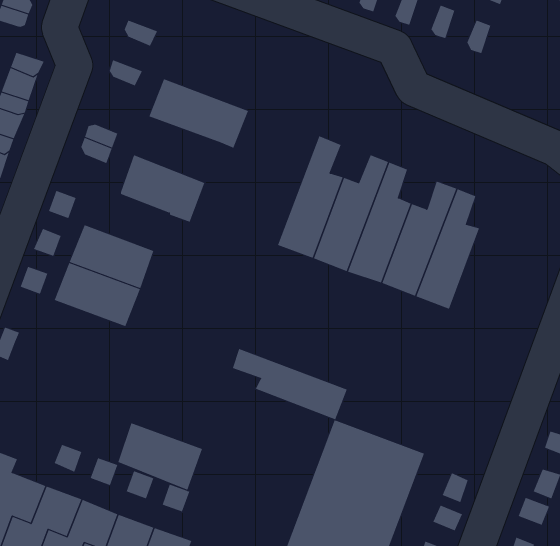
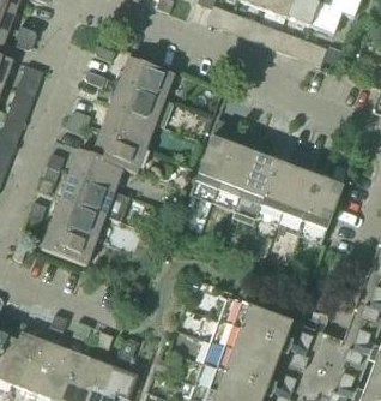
building: none -> [120,56,174,98]
building: none -> [101,106,156,148]
building: none -> [69,148,123,191]
building: none -> [301,162,350,237]
building: [232,348,347,420] -> none
building: [118,422,203,491] -> [42,222,96,265]

